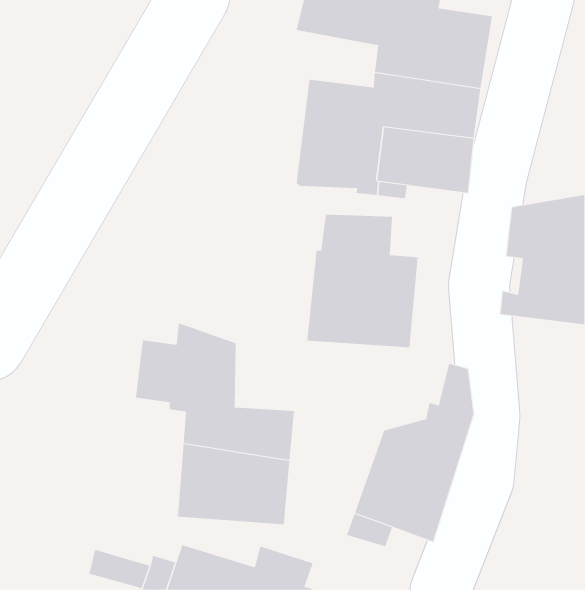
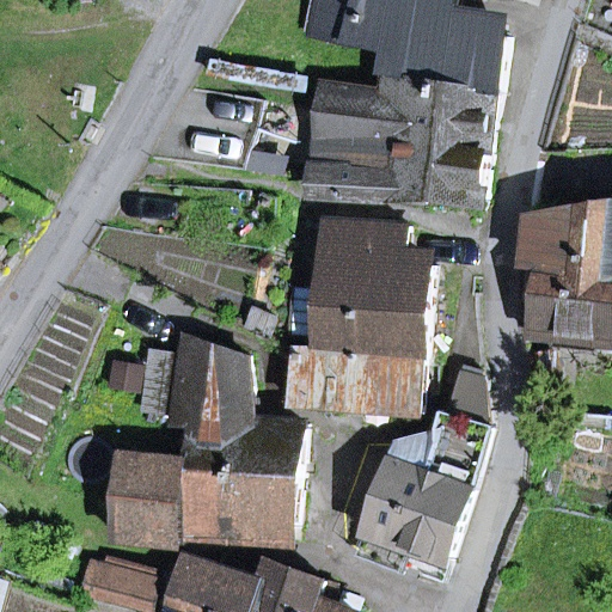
building: none -> [287,349,421,411]
building: none -> [114,452,188,541]

